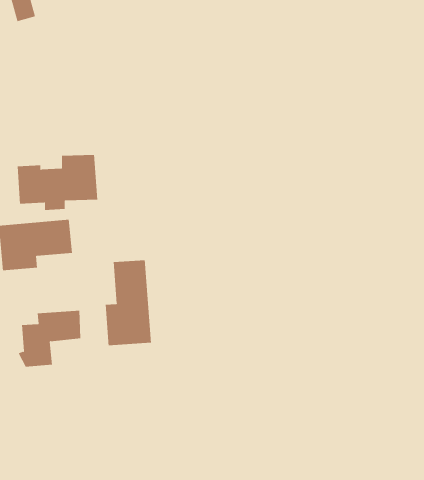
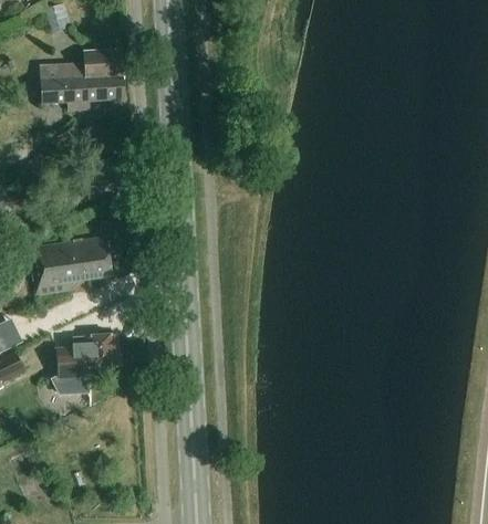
building: [17,154,98,210] -> [40,52,125,111]
building: [105,259,151,346] -> none

